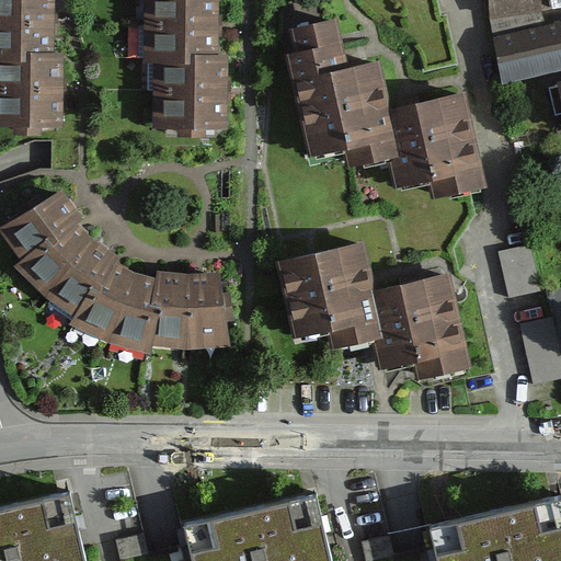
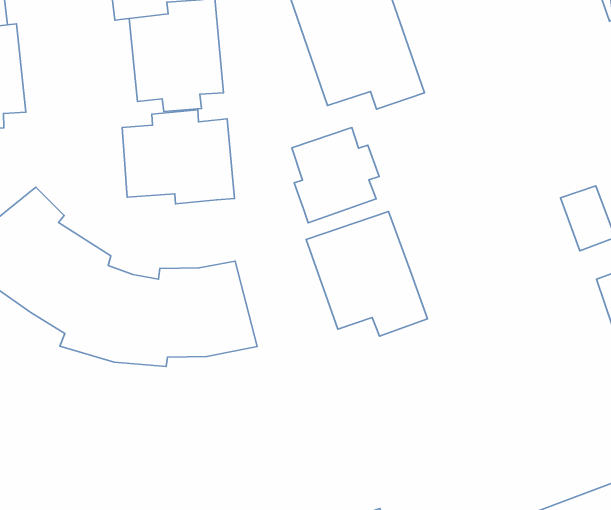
building: [386,88,478,192] -> none
building: none -> [122,110,234,204]
building: none -> [292,128,379,223]
building: [365,279,459,376] -> none

